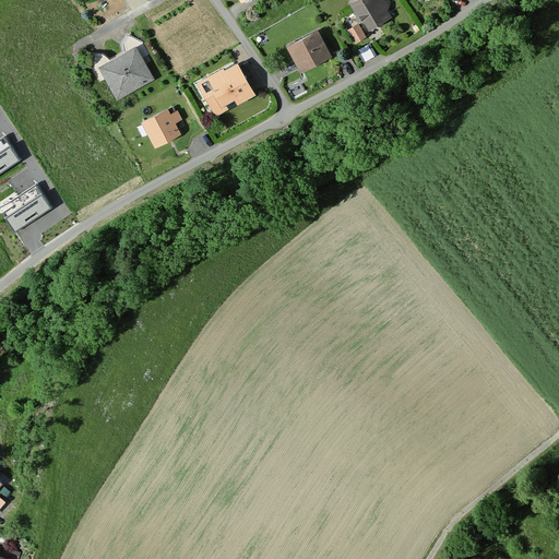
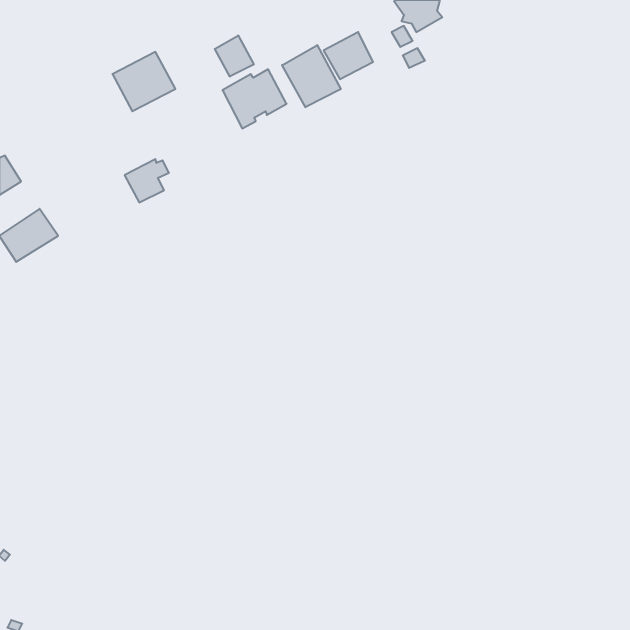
building: none -> [215,35,254,77]
building: none -> [282,45,341,107]
building: [142,108,181,146] -> [125,159,169,202]

